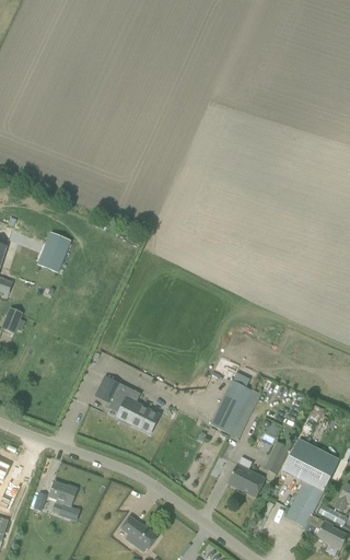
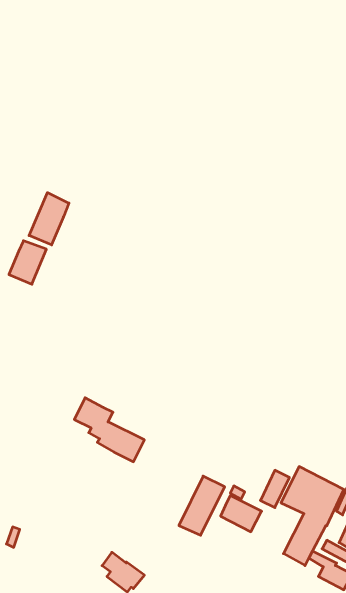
building: none -> [29,193,69,245]
building: [210,380,252,433] -> [179,476,225,535]
building: [49,480,80,521] -> none

